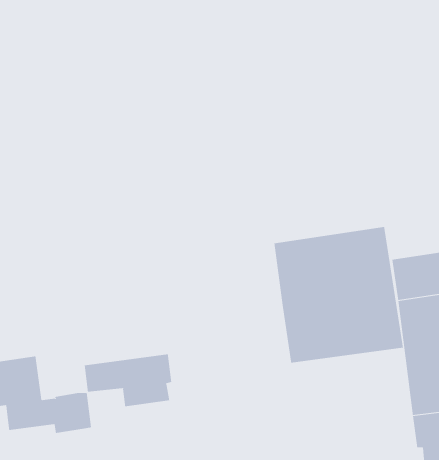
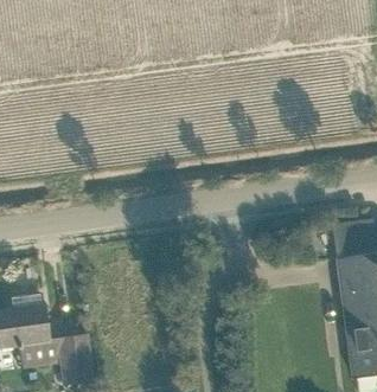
building: [274,226,403,364] -> none
building: [84,354,172,407] -> none

